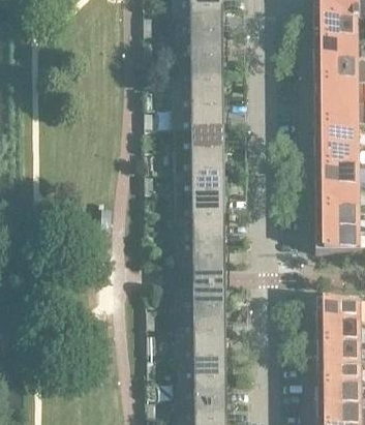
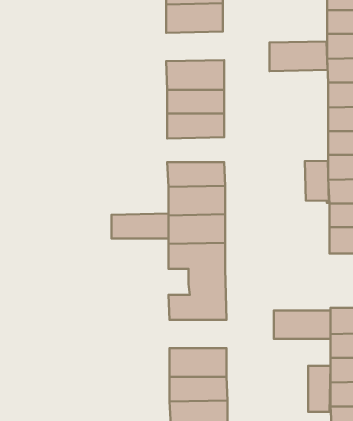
building: [174,55,224,81] -> [270,41,328,71]
building: [175,147,224,169] -> [112,214,168,238]
building: none -> [305,161,329,203]
building: [177,306,226,331] -> [274,310,331,339]
building: none -> [308,366,331,412]

